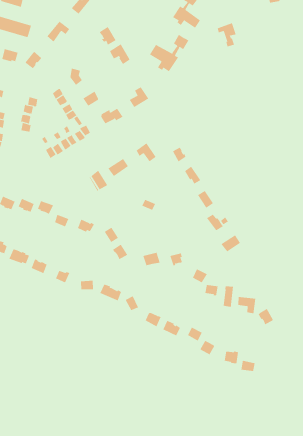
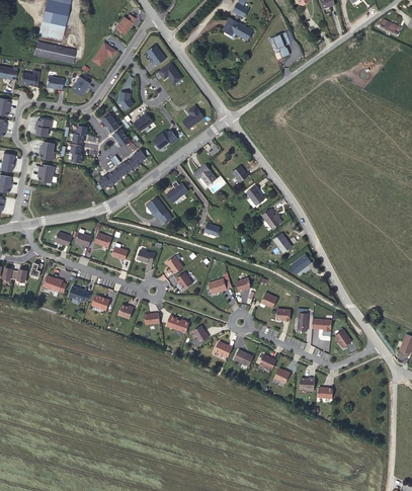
building: [149,34,189,72] -> none

